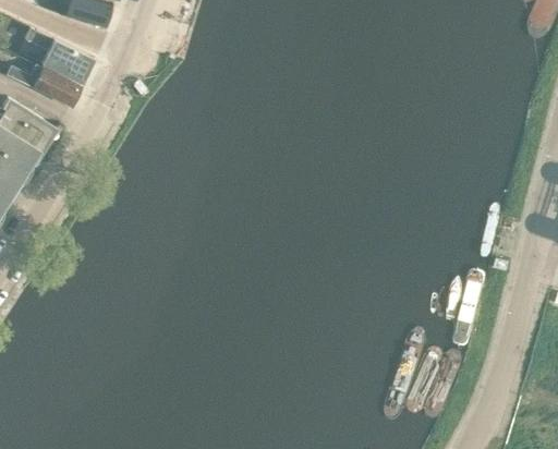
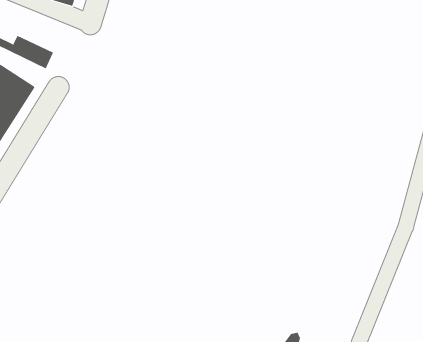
building: [24,27,93,83] -> none

